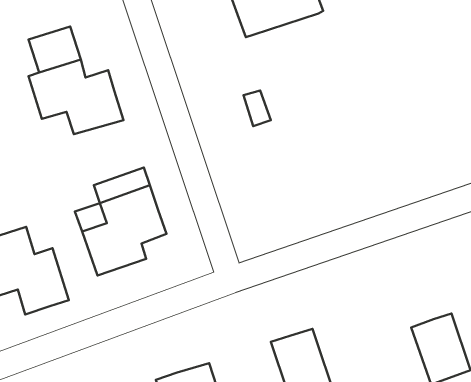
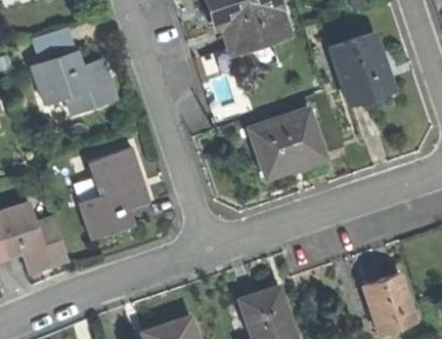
building: none -> [226,14,291,56]
building: none -> [332,37,395,108]
building: none -> [251,113,326,180]

